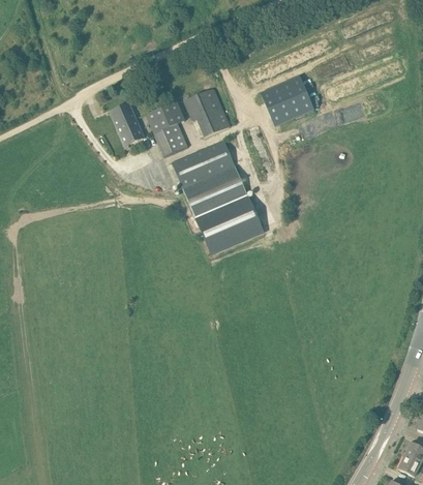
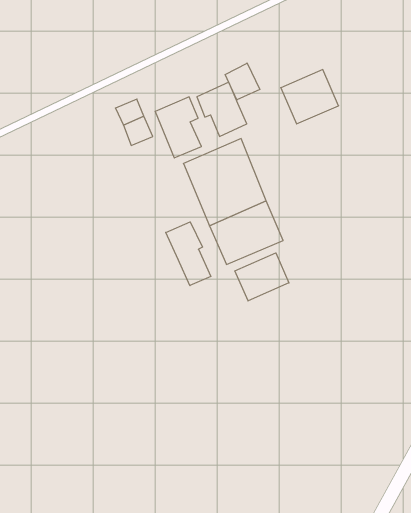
building: none -> [225,63,260,100]
building: none -> [166,222,211,286]
building: none -> [235,253,289,301]

